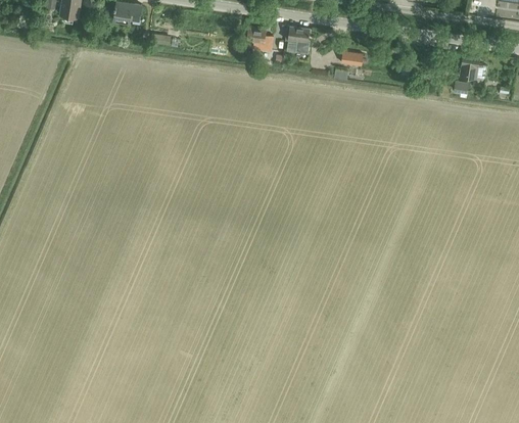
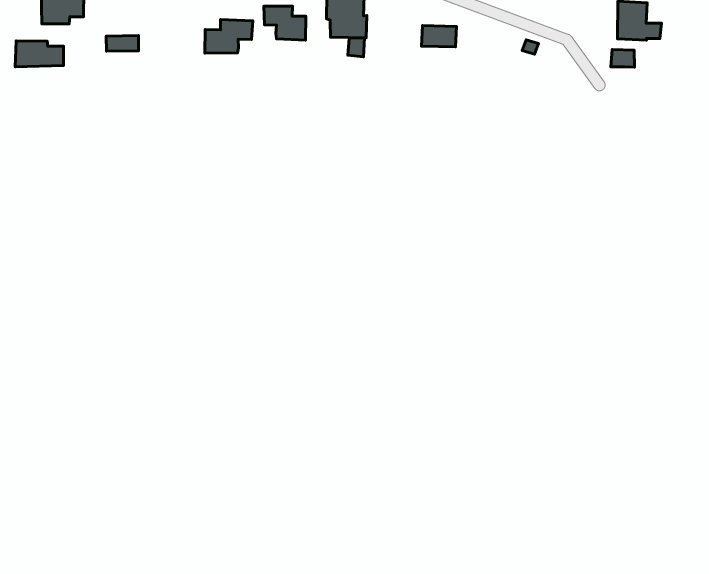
building: none -> [15,41,64,67]
building: none -> [205,20,253,53]

